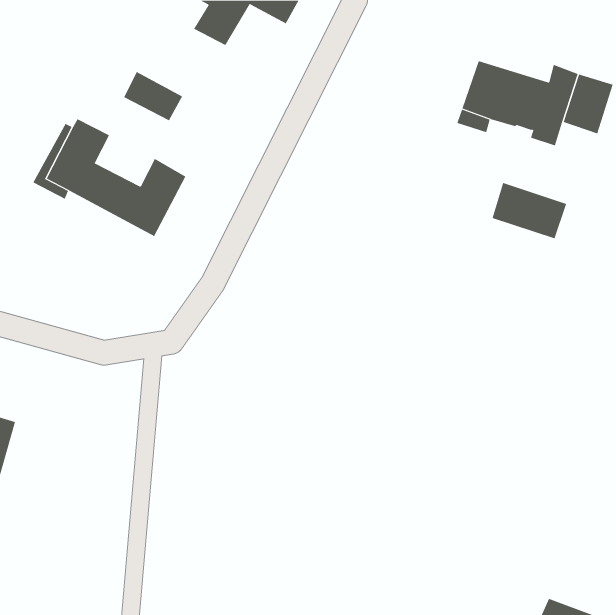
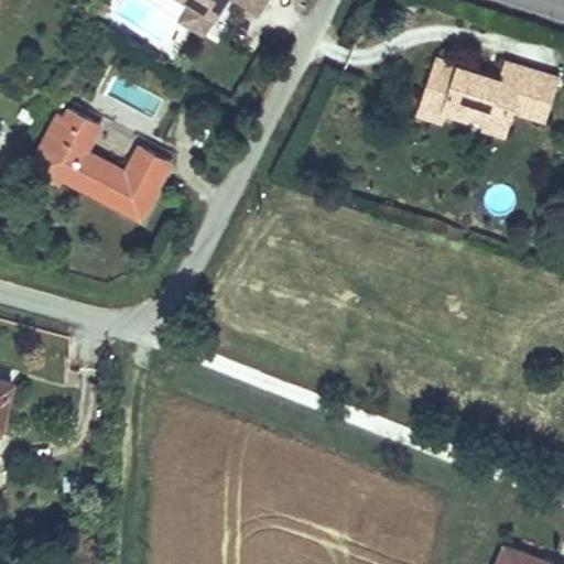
building: [124,71,183,121] -> none
building: [492,182,567,239] -> none

